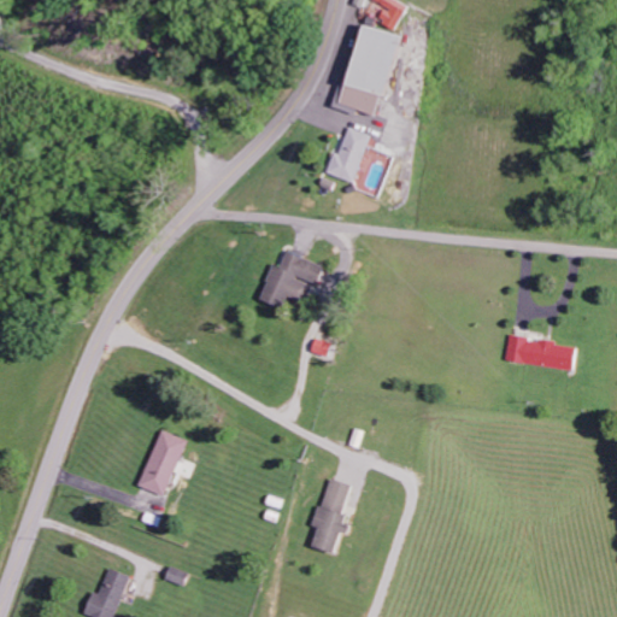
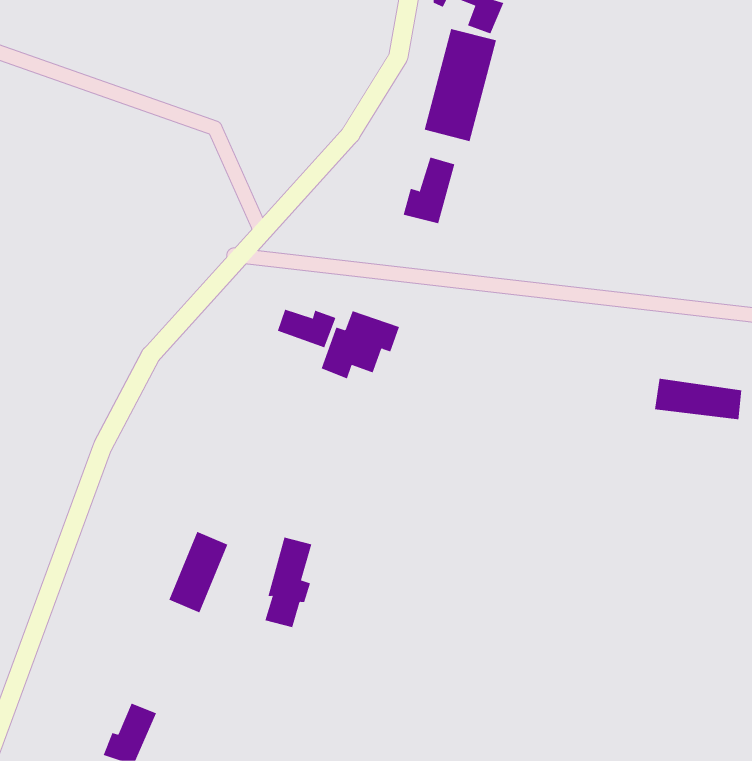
building: none -> [277,309,336,348]
building: [500,335,571,369] -> [654,378,742,420]
building: [308,478,347,552] -> [264,537,312,628]

